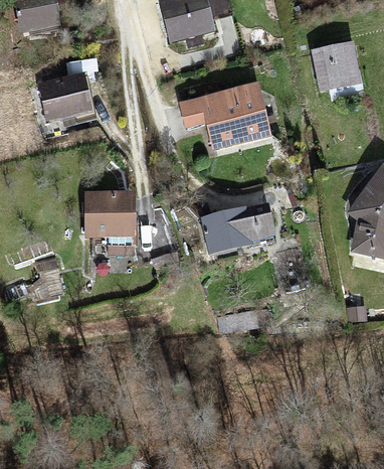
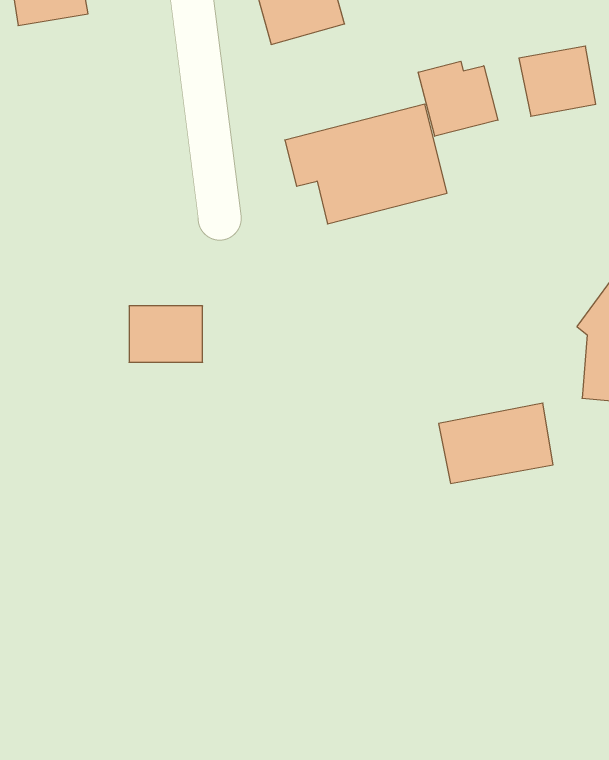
building: none -> [418,61,498,136]
building: [40,71,94,119] -> none
building: [202,209,269,257] -> [439,403,553,483]

